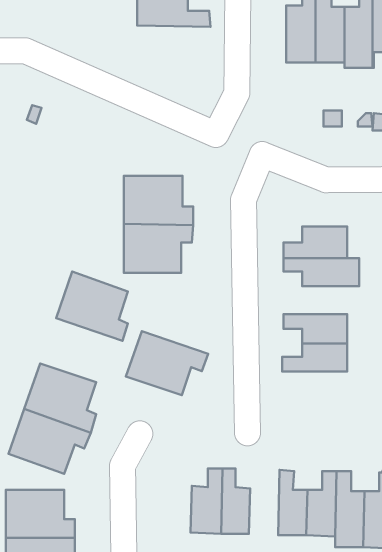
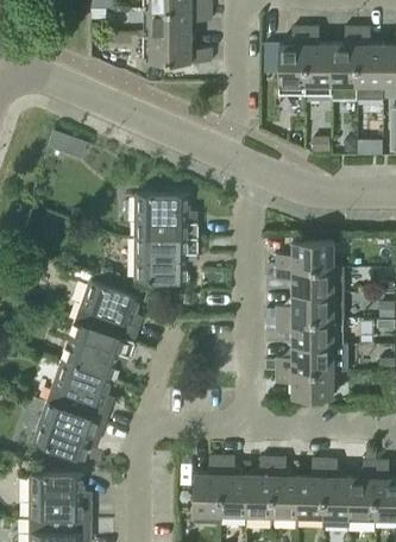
building: none -> [277,295,345,321]
building: [126,331,208,395] -> [59,323,133,380]
building: none -> [276,371,334,398]
building: none -> [246,459,274,517]

